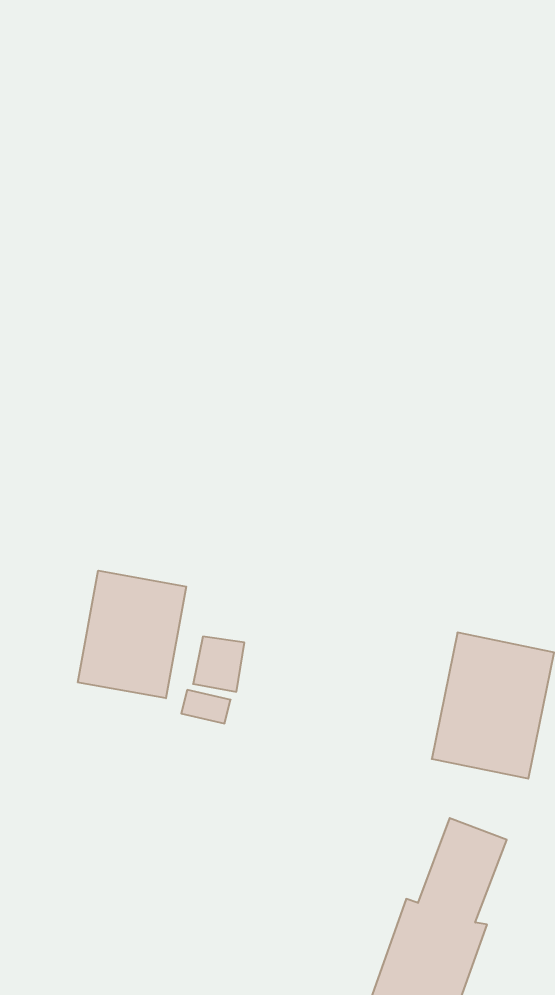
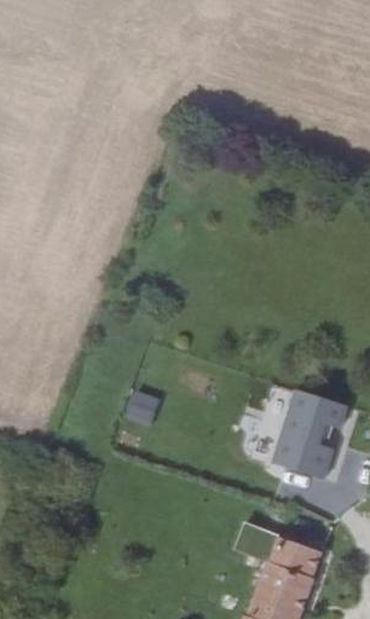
building: [78,571,186,698] -> none

